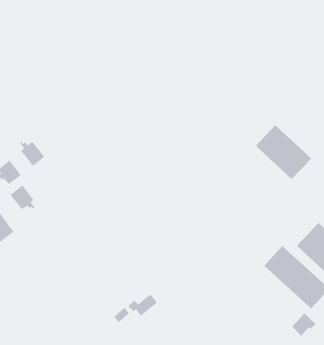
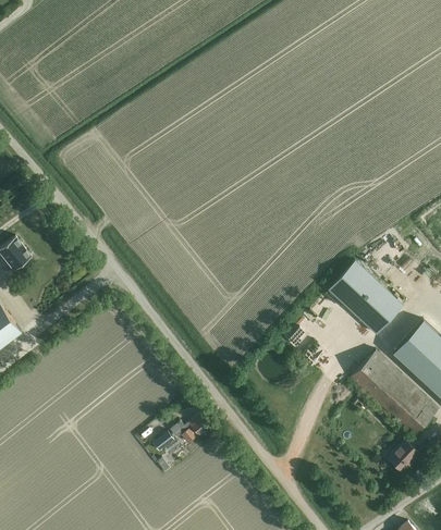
building: [255,125,312,180] -> [328,261,403,334]
building: [19,141,45,167] -> none
building: [9,185,35,210] -> none

